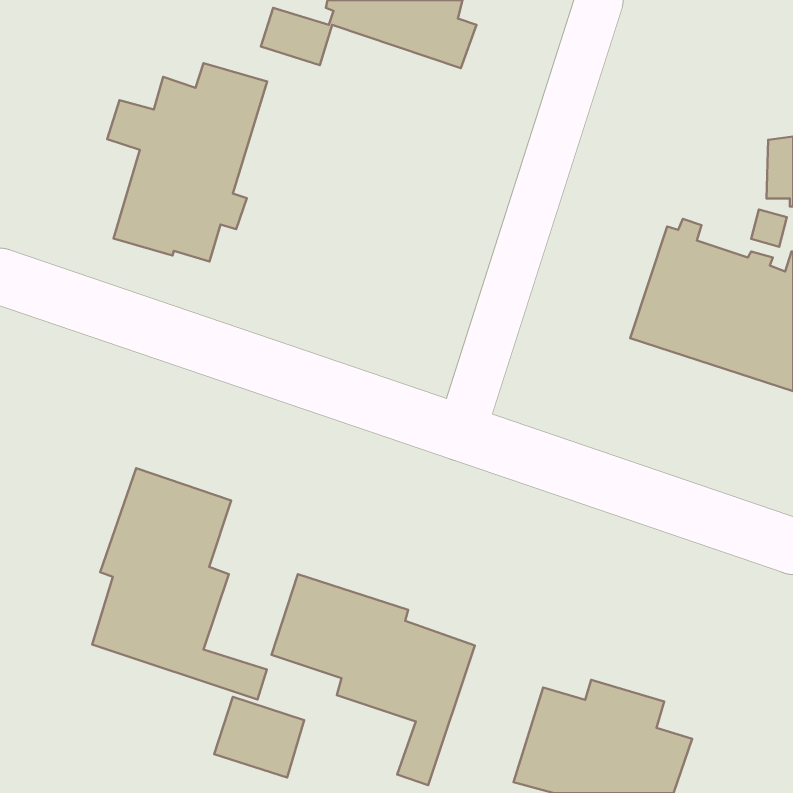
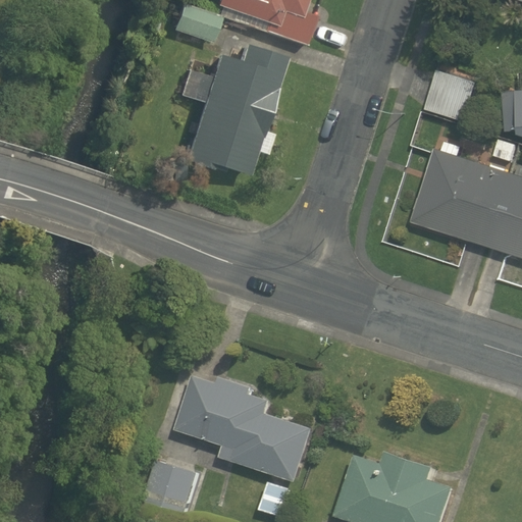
building: [107,63,267,262] -> [178,46,283,176]
building: none -> [427,68,478,121]
building: [92,468,267,699] -> none

